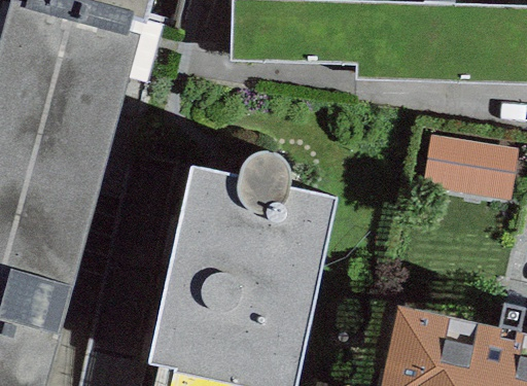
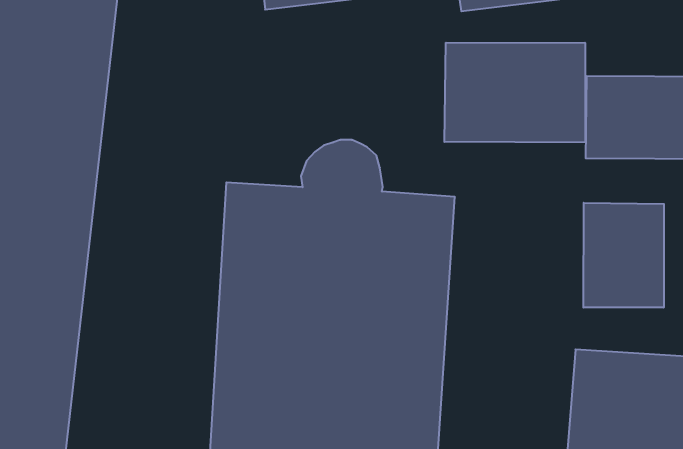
building: none -> [444,43,585,142]
building: none -> [583,203,664,308]

